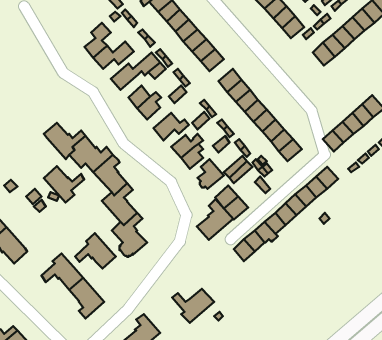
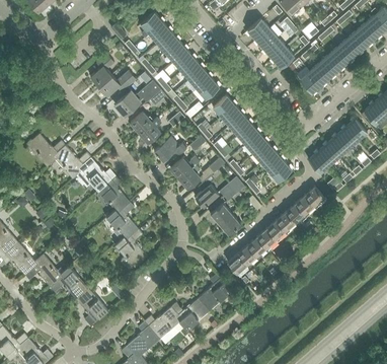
building: [44,166,84,203] -> [27,133,65,166]
building: [197,199,233,240] -> [199,273,232,310]
building: [75,233,116,268] -> [25,253,63,286]
building: none -> [145,306,184,339]

